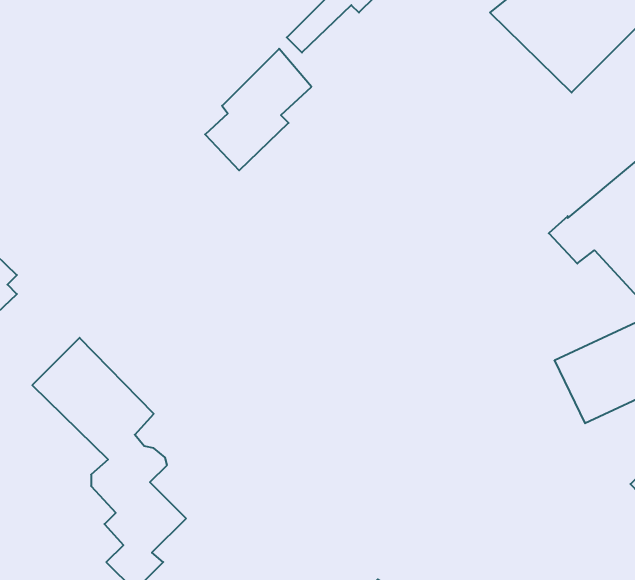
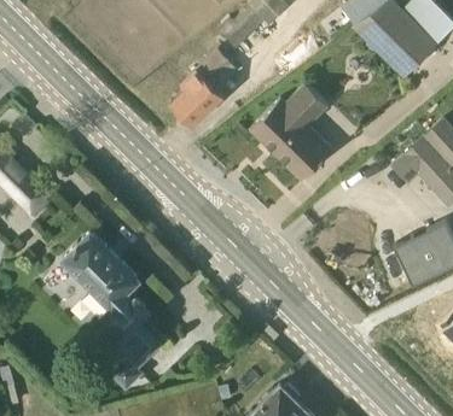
building: none -> [251,82,333,180]

